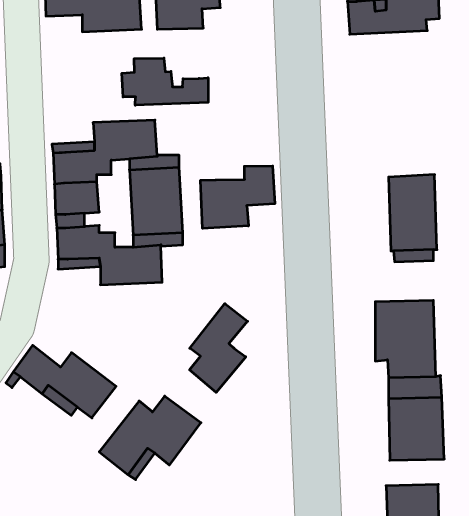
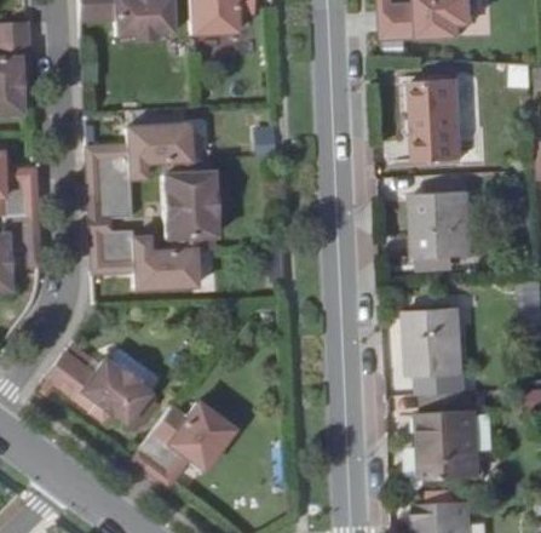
building: [122,58,208,105] -> none
building: none -> [416,68,465,147]
building: [201,166,275,228] -> none
building: [190,304,248,392] -> none

